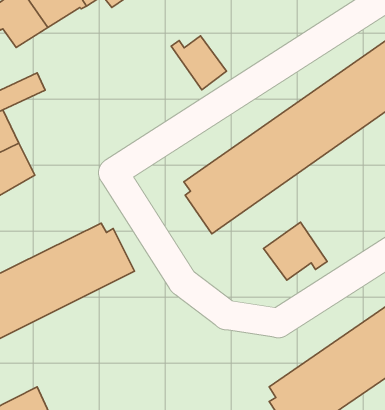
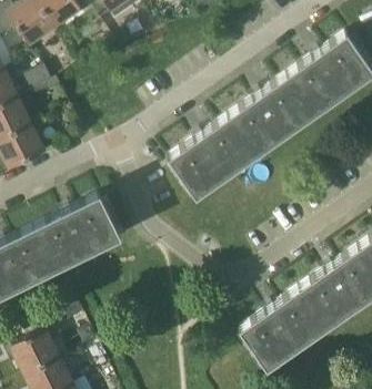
building: [171,36,227,90] -> none
building: [264,222,327,280] -> none

